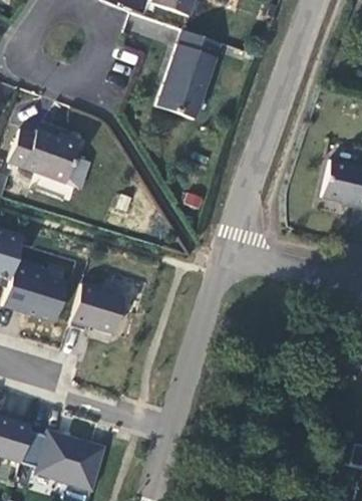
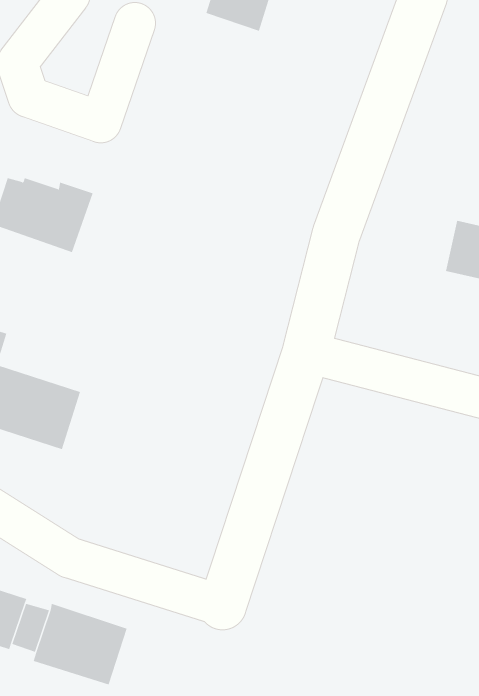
building: [162,42,228,131] -> none
building: [68,284,121,334] -> none

